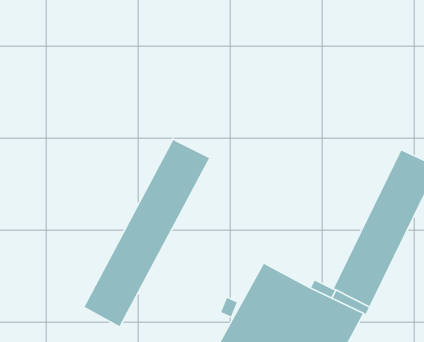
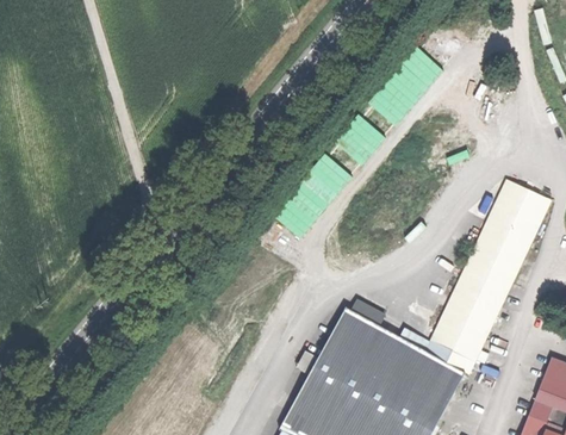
building: [83,139,210,327] -> none

